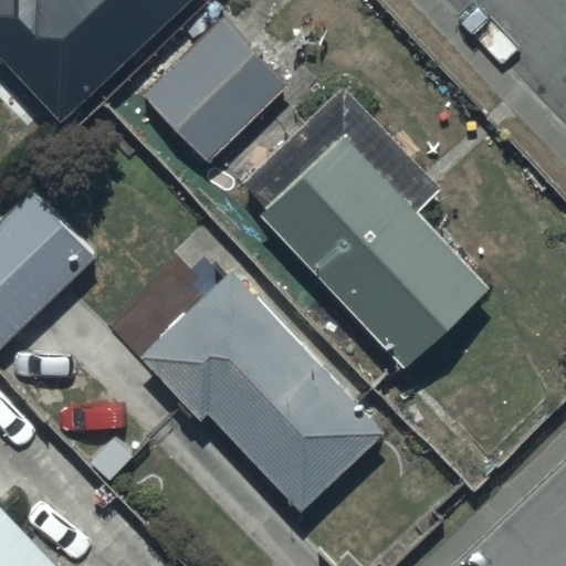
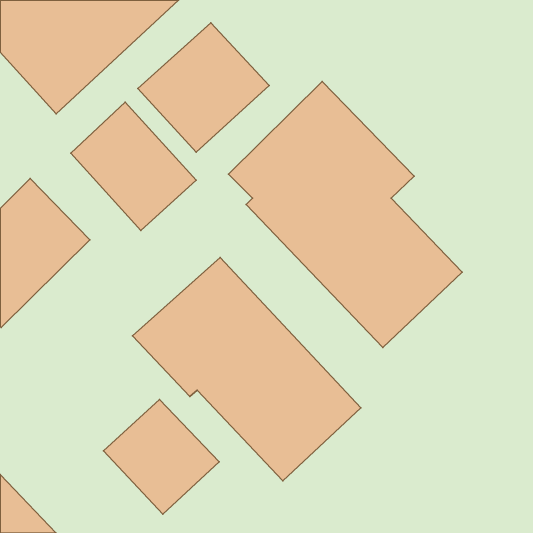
building: none -> [71,102,196,231]
building: none -> [104,399,219,514]

